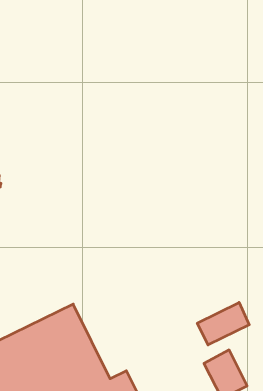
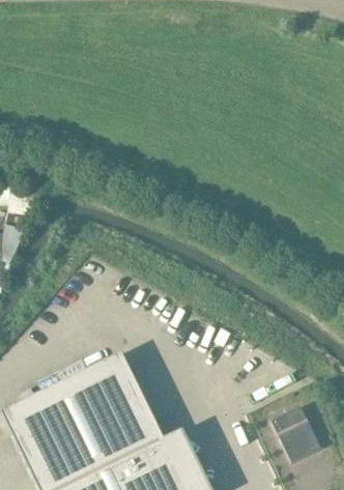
building: [197,302,249,345] -> none

